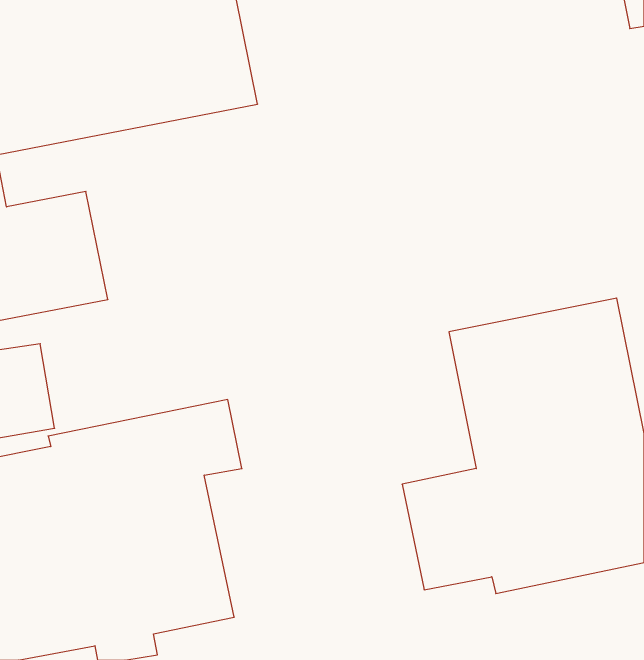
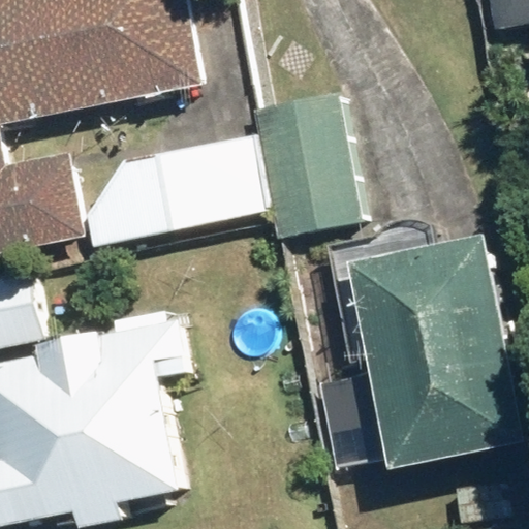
building: none -> [255,86,366,236]
building: none -> [87,128,268,242]

